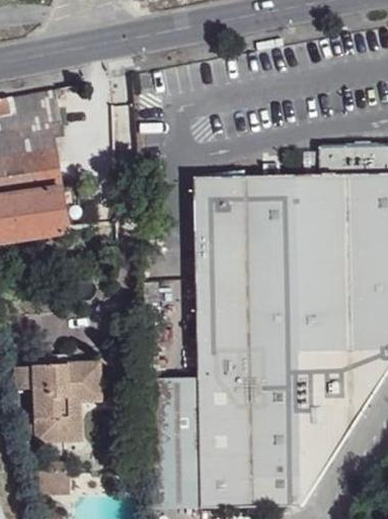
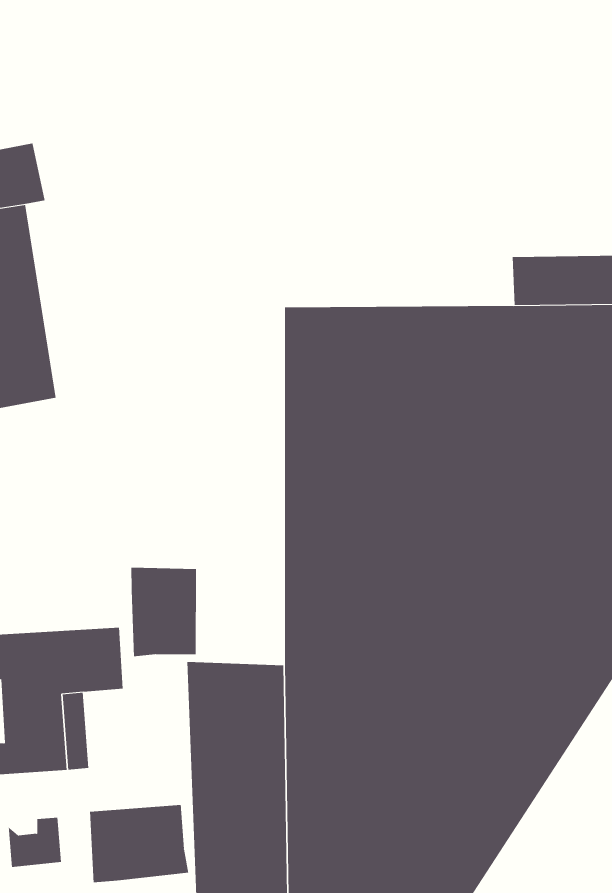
building: none -> [131,567,196,657]
building: none -> [90,804,189,883]

